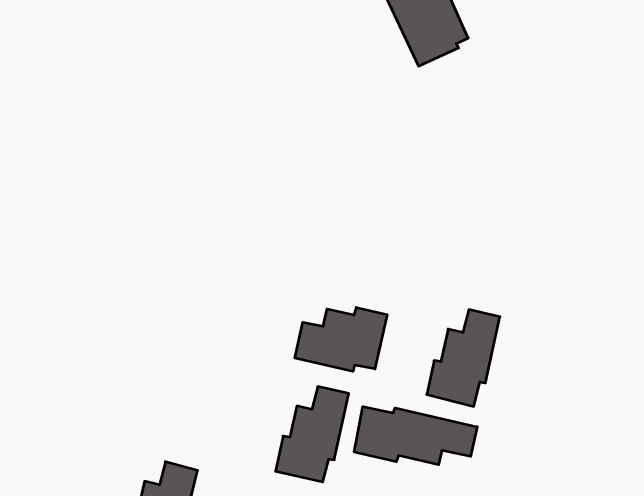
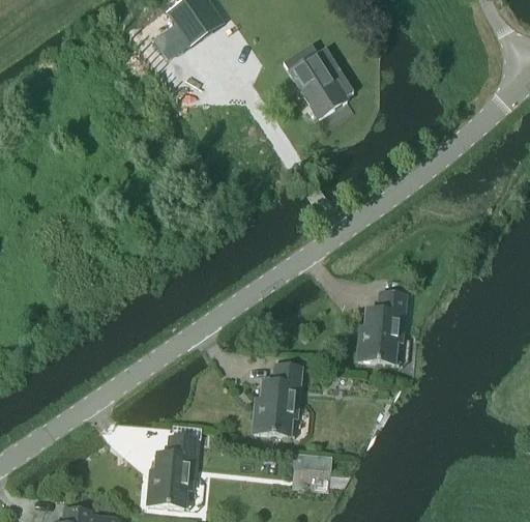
building: [295,307,387,371] -> none
building: [354,407,477,465] -> none

